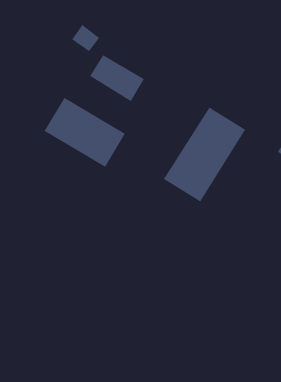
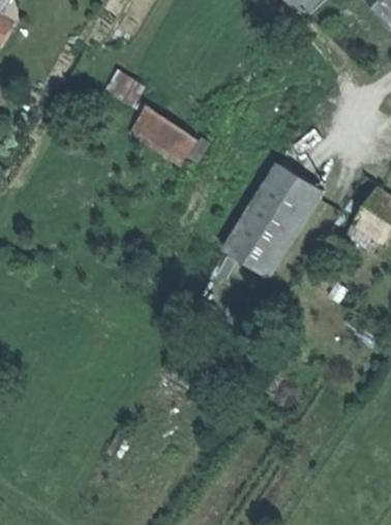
building: [43,97,126,168] -> none

